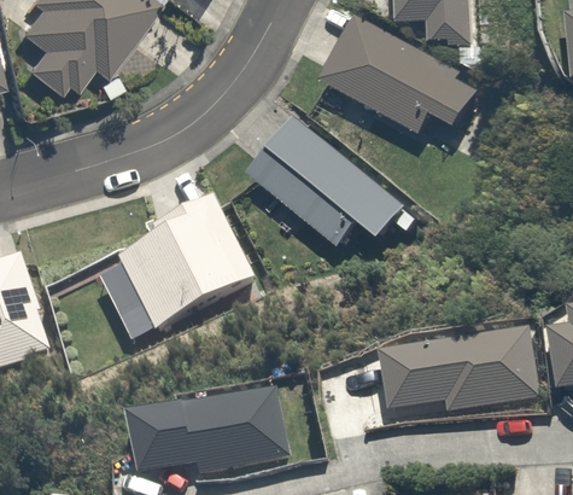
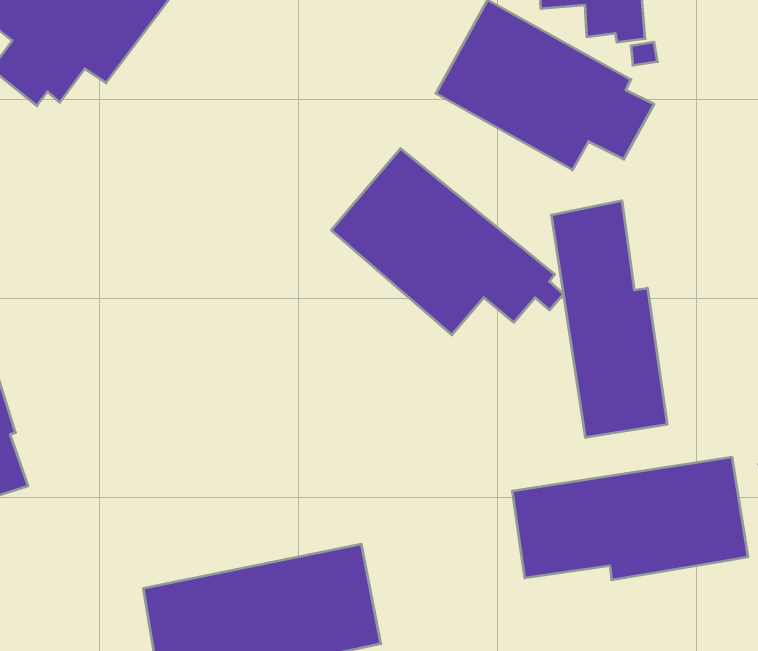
building: none -> [551,201,667,438]
building: [99,198,253,328] -> none

